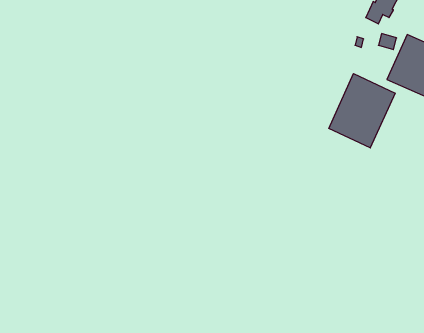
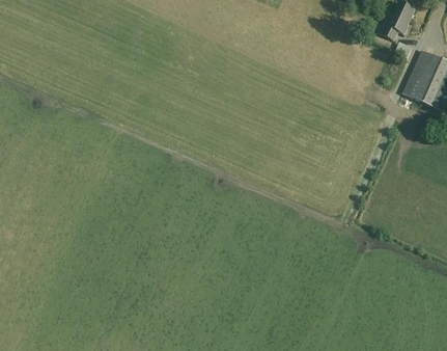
building: [329,74,395,148] -> none

